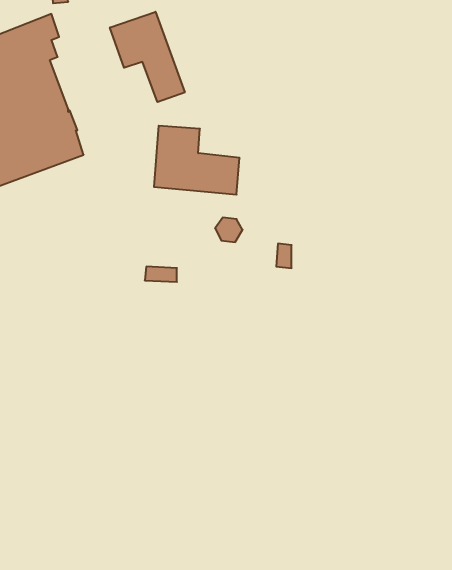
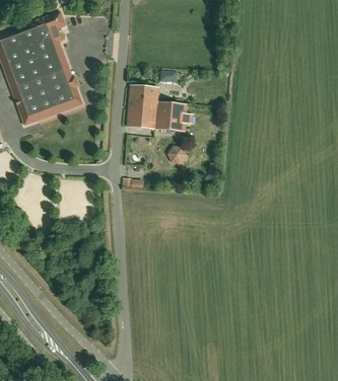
building: [110,12,185,102] -> none

